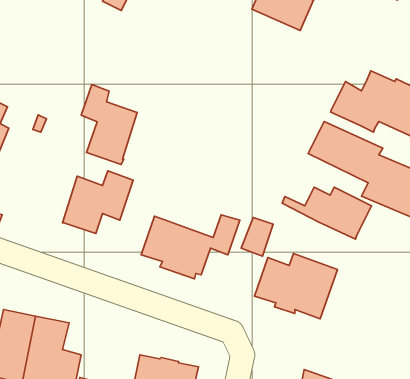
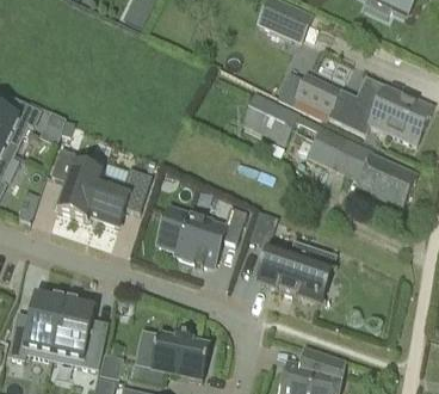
building: [81,84,137,164] -> [51,148,101,220]
building: none -> [242,92,298,142]
building: [282,187,372,239] -> [261,72,341,118]

